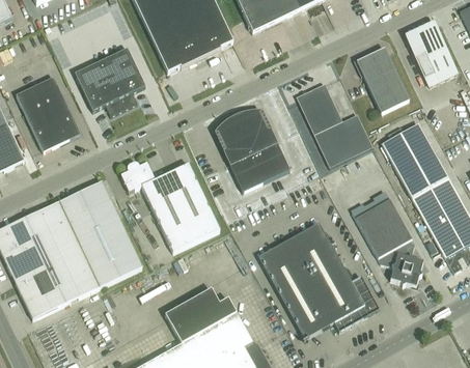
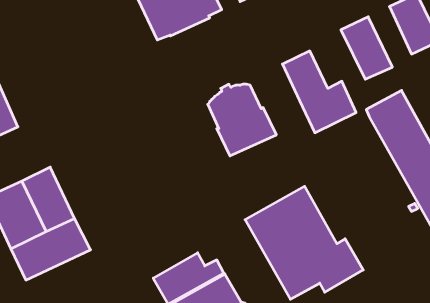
building: [75,47,145,114] -> none
building: [16,76,81,150] -> none
building: [120,161,220,251] -> none
building: [57,180,142,286] -> none
building: [355,198,422,285] -> none

